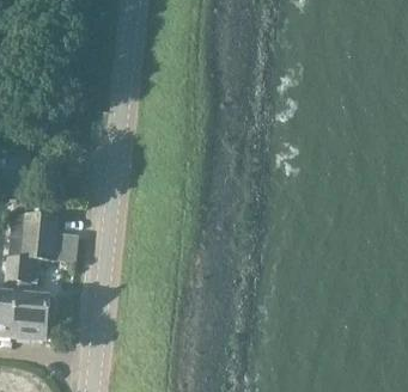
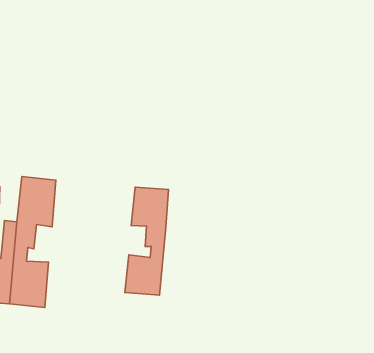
building: none -> [125,187,168,295]

